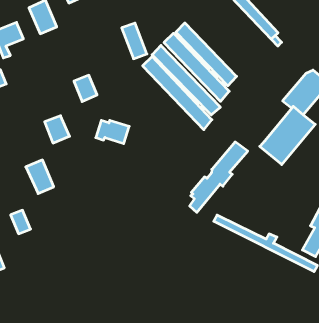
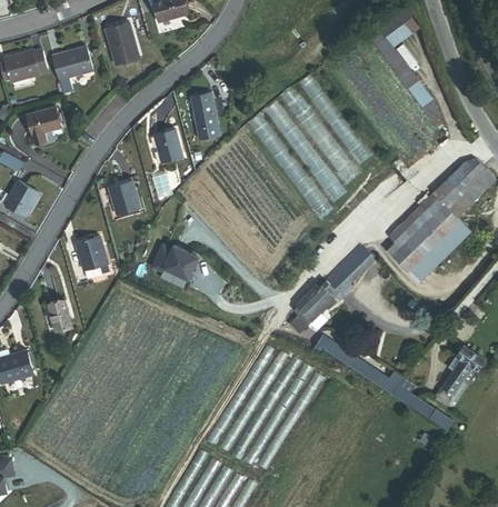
building: [122,23,147,59] -> [191,92,221,140]
building: none -> [390,193,441,245]
building: [96,120,129,144] -> [156,246,202,280]

